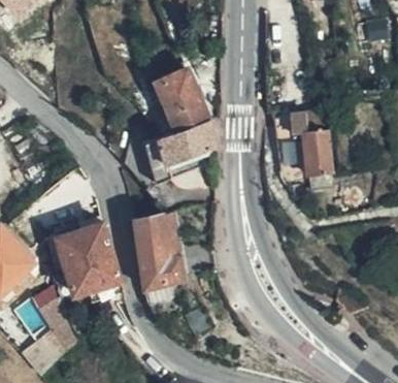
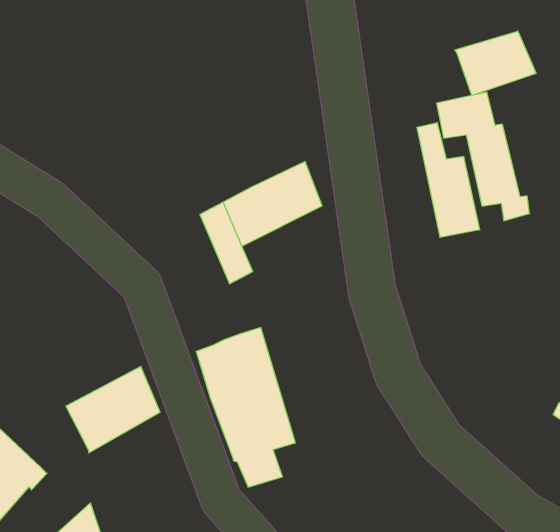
building: none -> [455,31,536,96]
building: [158,69,210,130] -> none
building: [55,252,122,310] -> none

